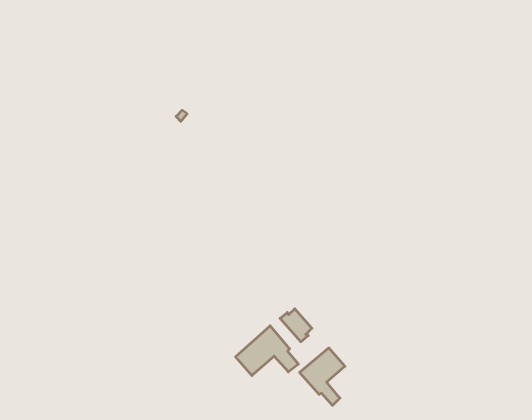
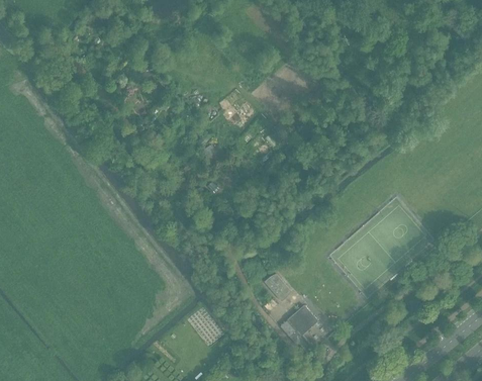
building: [236,326,298,376] -> none

